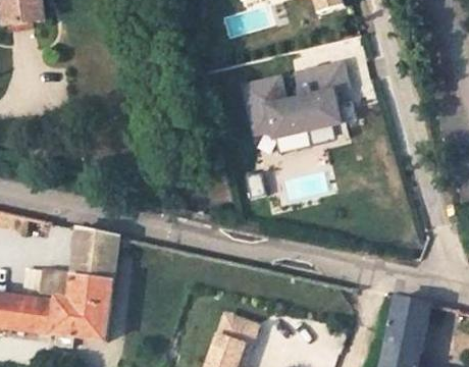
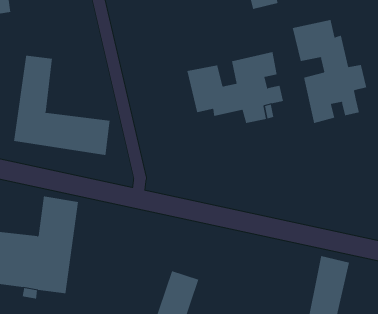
building: none -> [292,19,367,124]
building: none -> [14,55,110,156]

